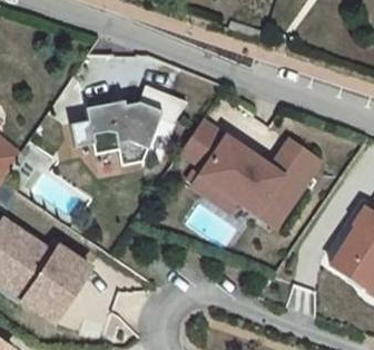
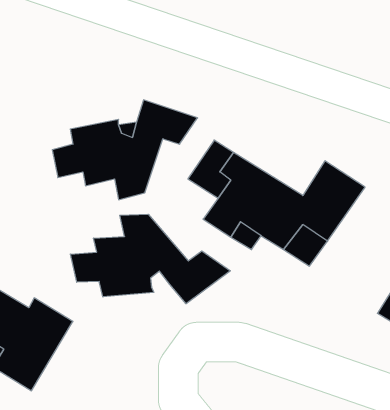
building: none -> [70,214,230,304]

